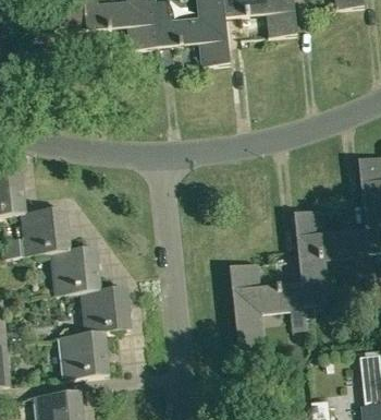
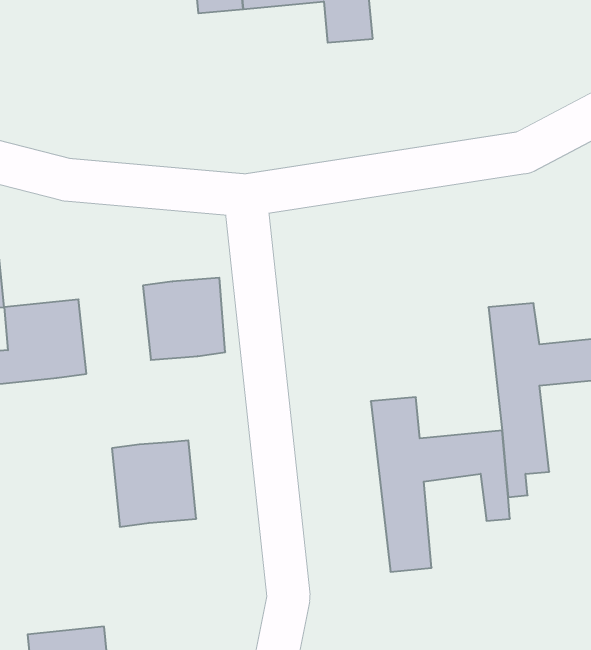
building: [52,247,98,292] -> [143,278,225,360]
building: [62,332,108,379] -> none

